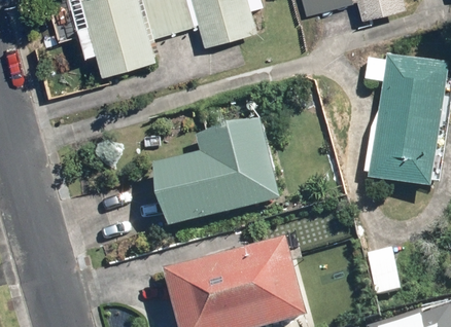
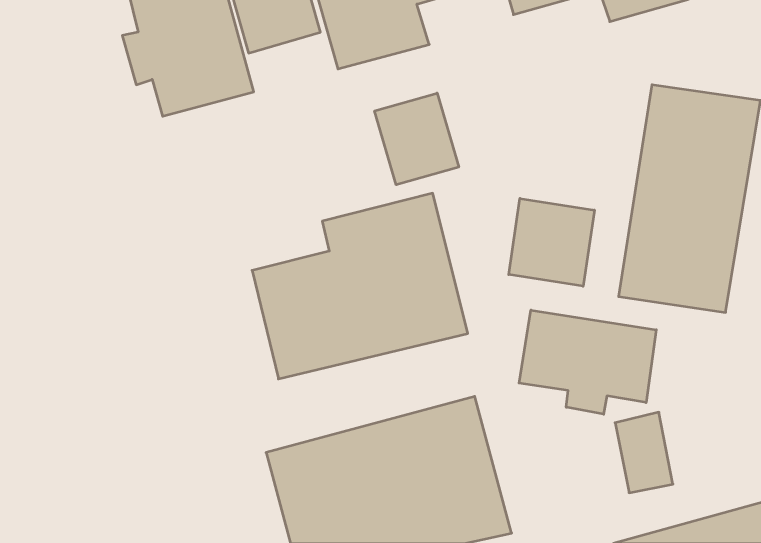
building: none -> [375,93,459,185]
building: none -> [509,198,594,286]
building: none -> [519,310,656,414]

